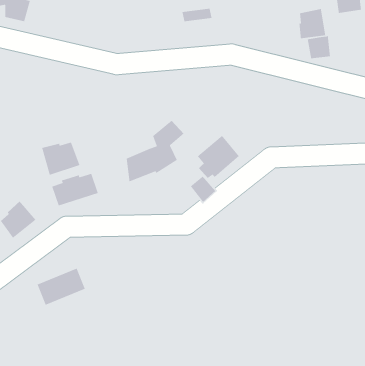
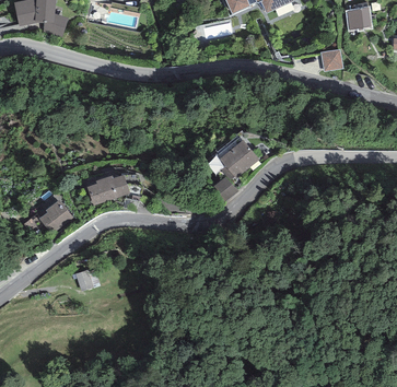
building: [299,8,326,39] -> none
building: [126,120,185,183] -> none
building: [41,142,80,176] -> none

